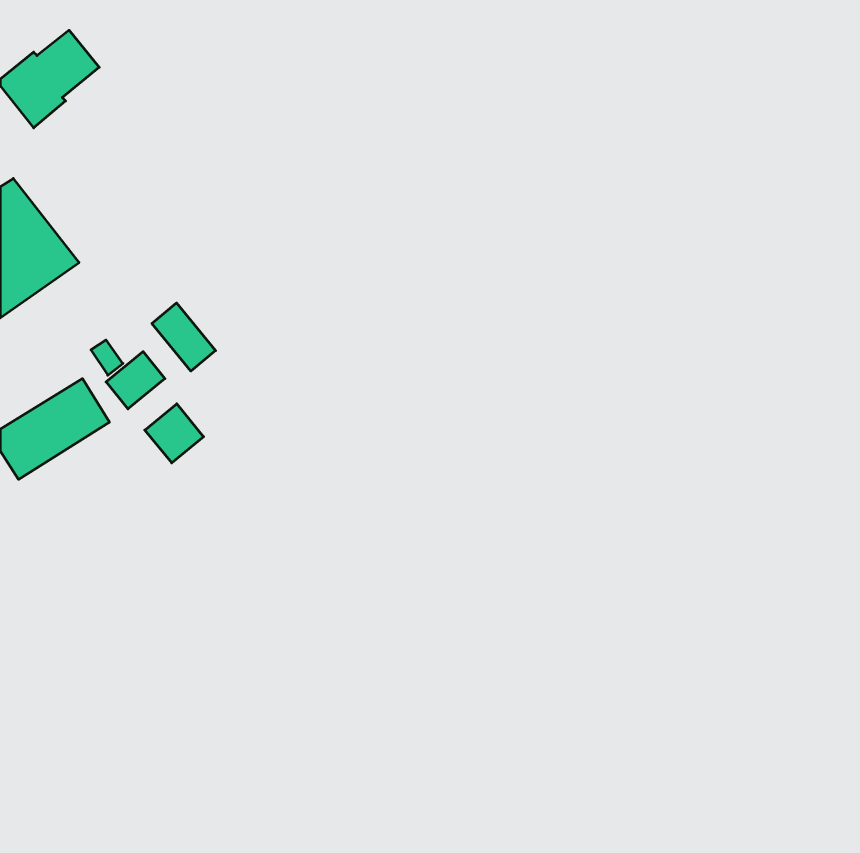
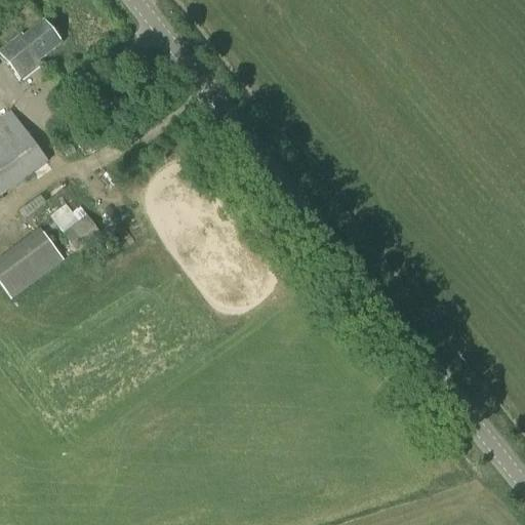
building: [152,303,216,371] -> none
building: [145,404,204,463] -> none

